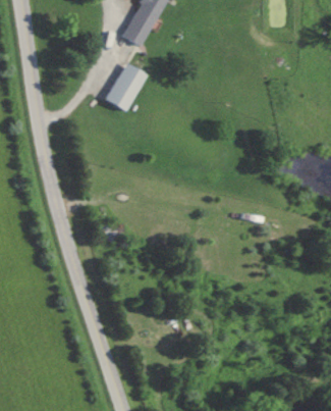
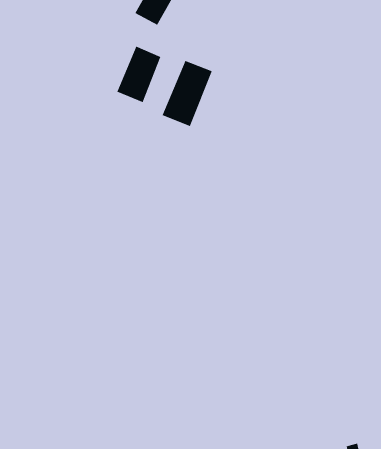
building: none -> [162,60,213,127]

